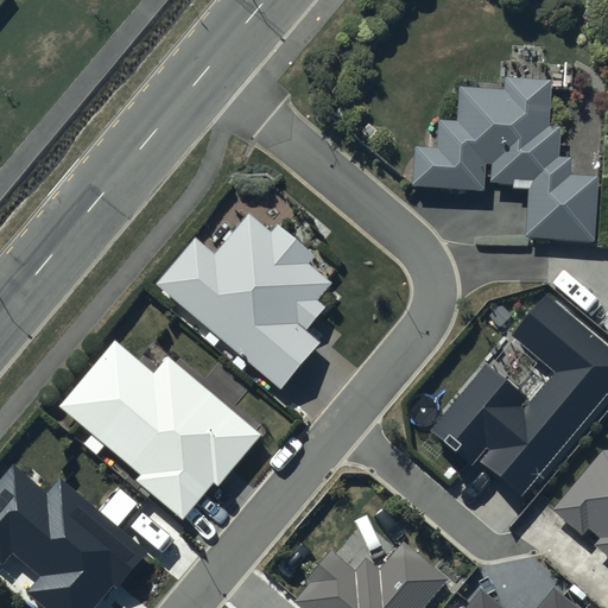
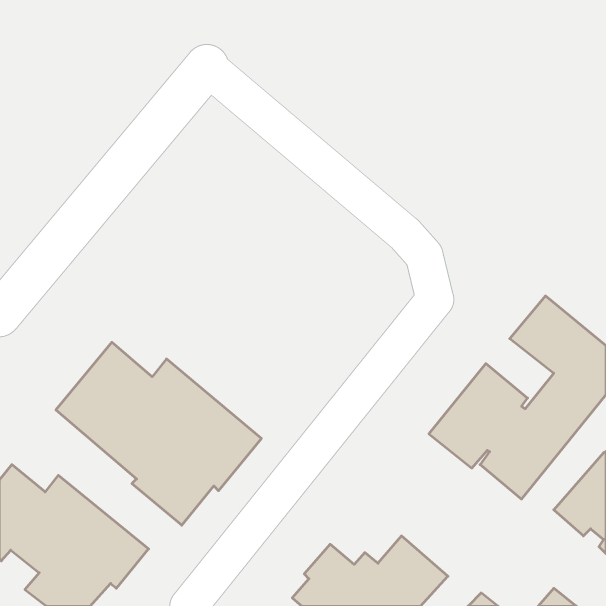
building: [414,80,598,240] -> none
building: [156,210,331,382] -> none

